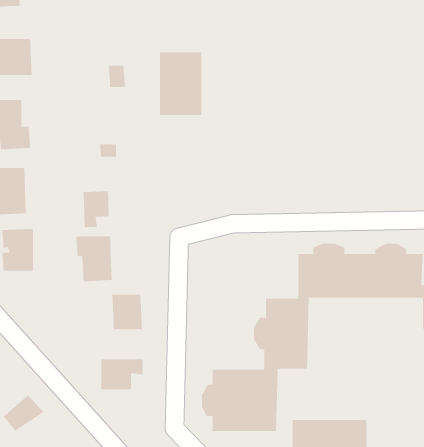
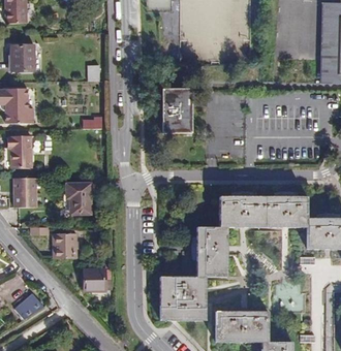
building: [159,52,202,116] -> [162,88,192,132]
building: [83,191,109,228] -> none
building: [112,294,143,330] -> [55,233,76,258]

